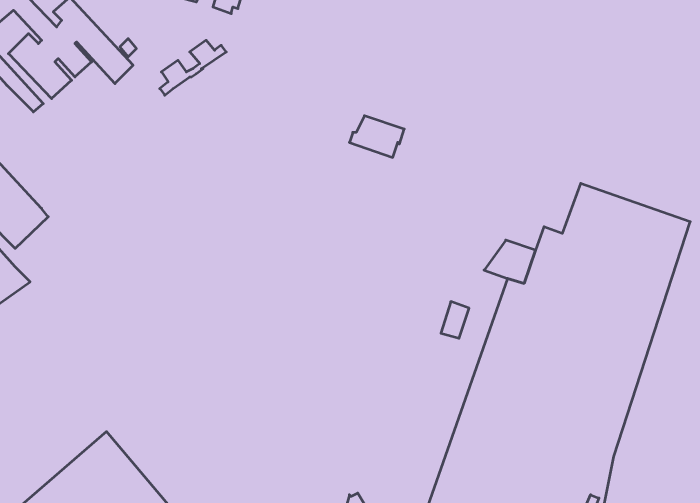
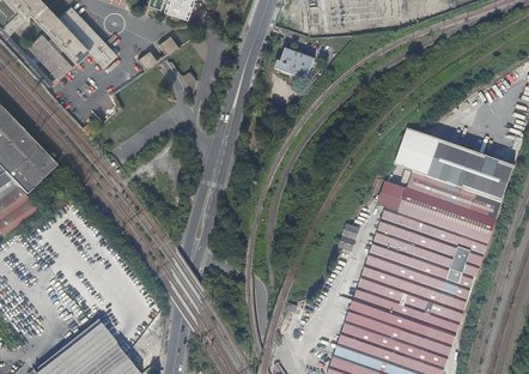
building: [349,116,404,157] -> [274,49,314,79]
building: none -> [394,129,437,176]

